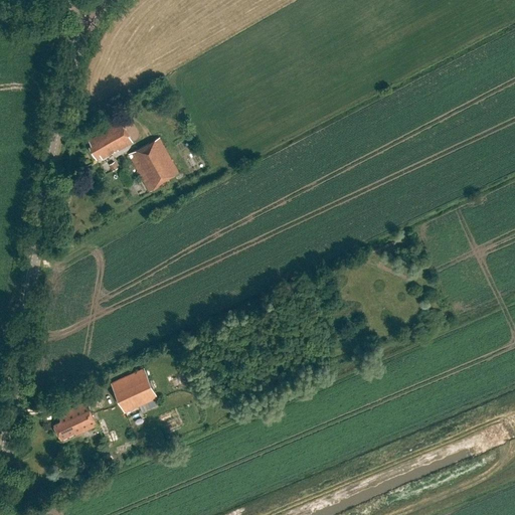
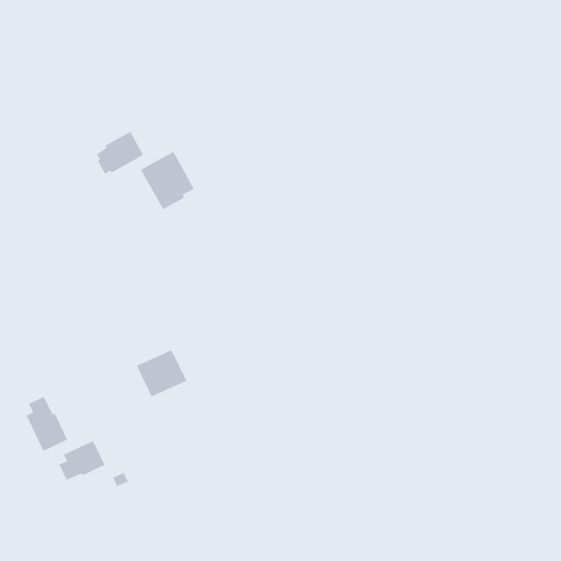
building: none -> [26,396,68,452]
building: [110,369,157,413] -> [136,349,187,398]

